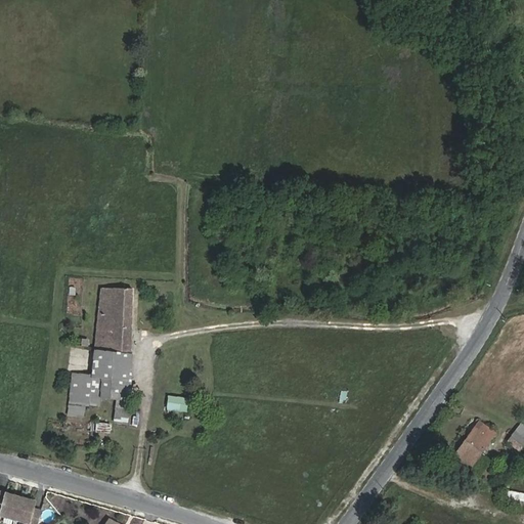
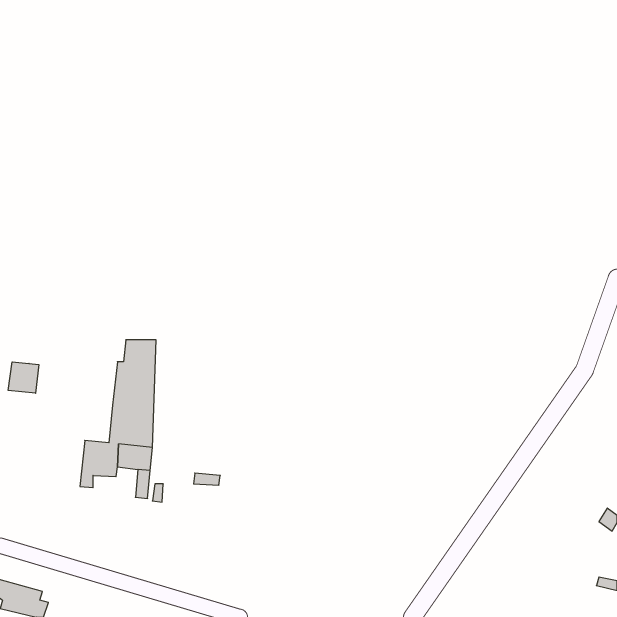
building: none -> [8,362,39,393]
building: [455,425,493,464] -> none

